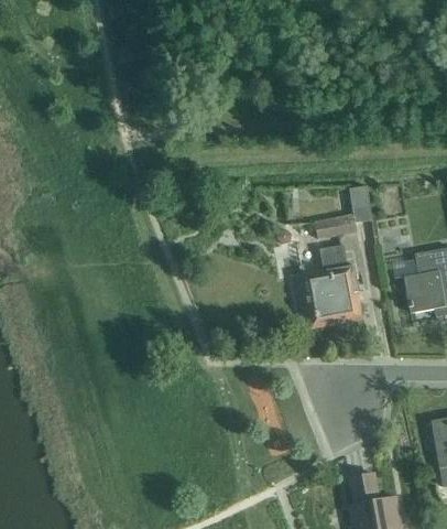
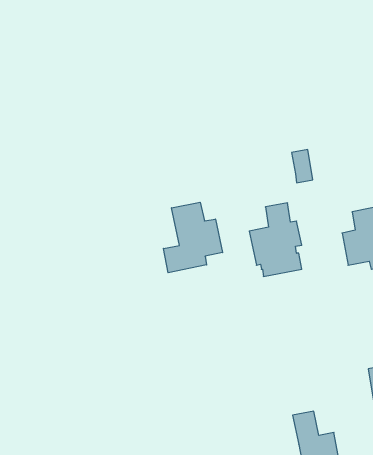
building: [313,212,356,238] -> none
building: none -> [163,202,223,273]

